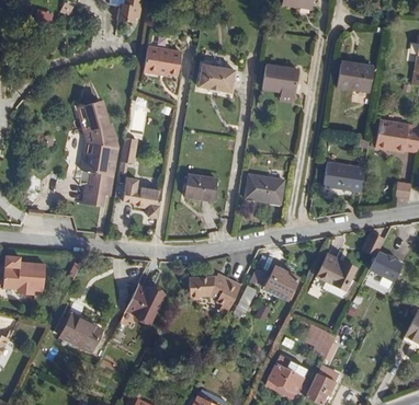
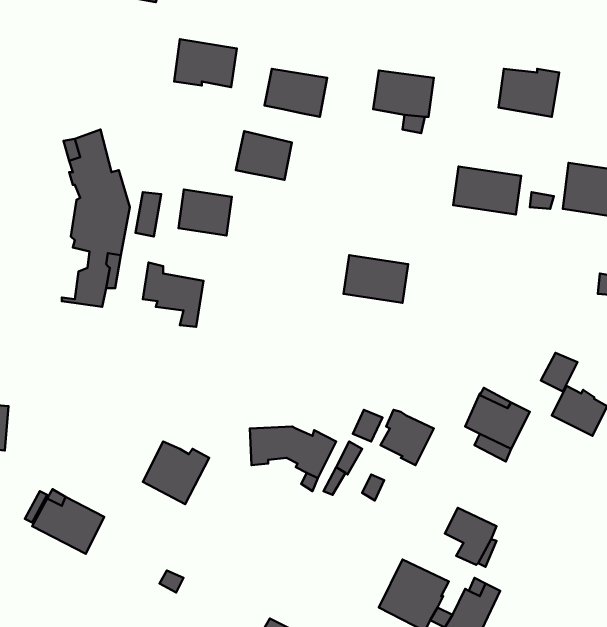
building: none -> [236,131,292,180]
building: [324,162,364,190] -> [453,166,521,214]
building: [184,173,216,200] -> [178,189,232,236]

